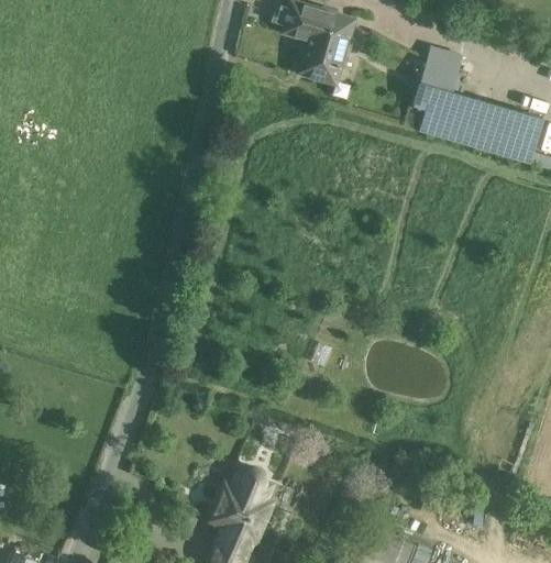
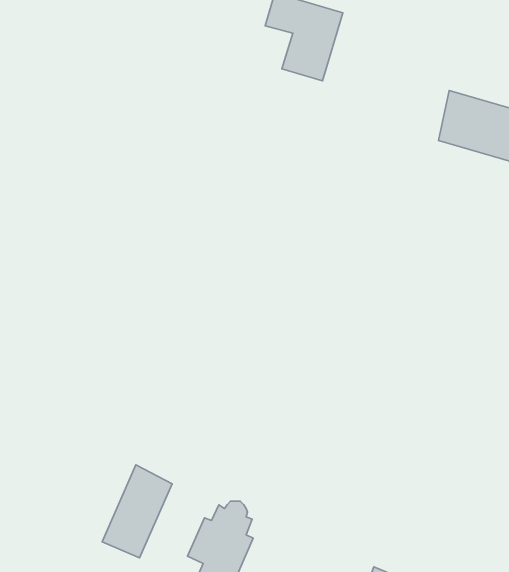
building: [417,51,456,137] -> none
building: none -> [102,465,172,558]

